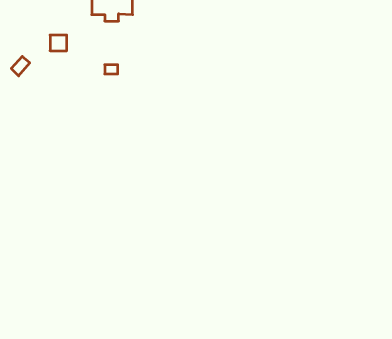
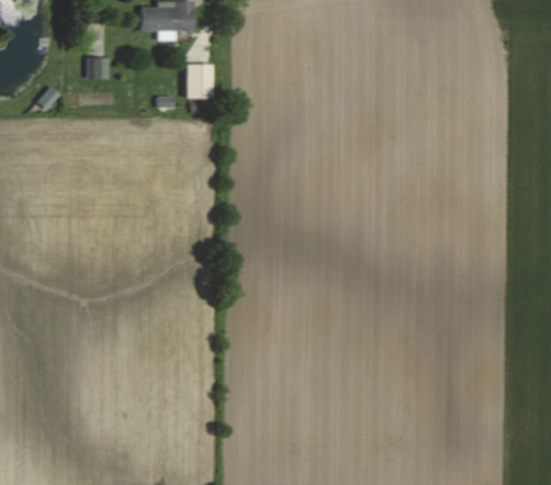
building: none -> [186,63,212,98]

